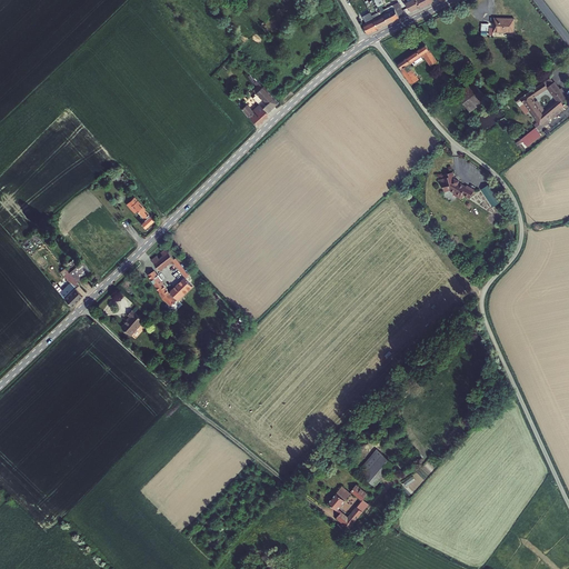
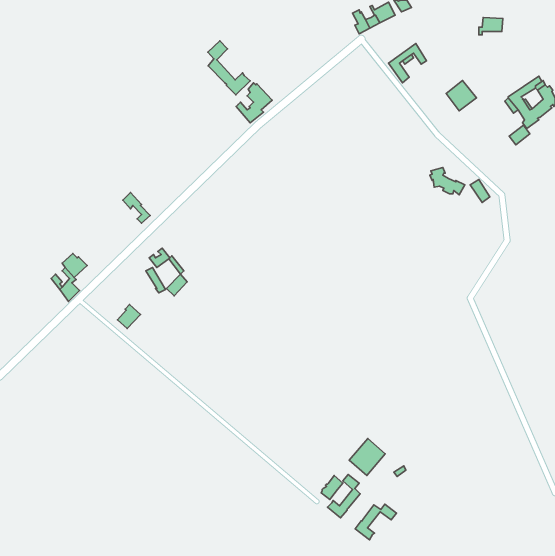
building: none -> [208,41,250,95]
building: none -> [355,504,396,540]

